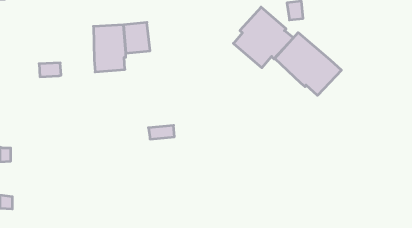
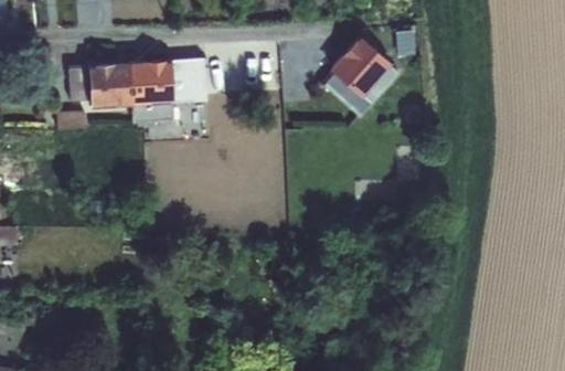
building: none -> [67,62,130,109]
building: [275,33,341,95] -> none

